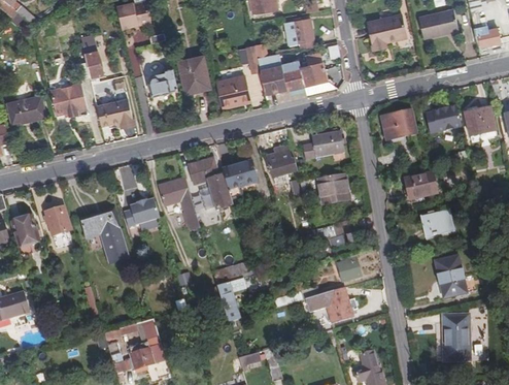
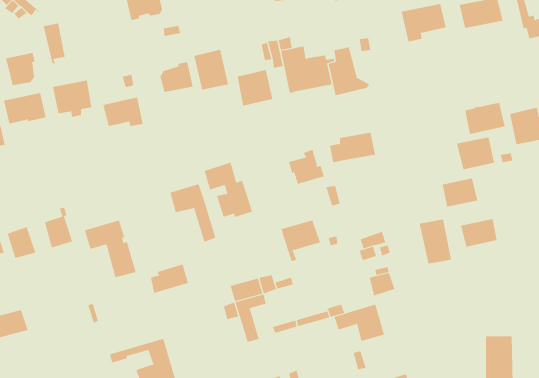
building: [284,18,313,49] -> none
building: [83,43,104,81] -> [43,23,66,64]
building: none -> [5,52,35,86]
building: [381,110,416,140] -> [456,137,495,170]
building: [223,161,259,199] -> [281,220,321,262]
building: [317,172,349,204] -> none
building: [124,199,159,226] -> [150,264,189,293]
building: [436,257,466,298] -> [419,219,452,264]

